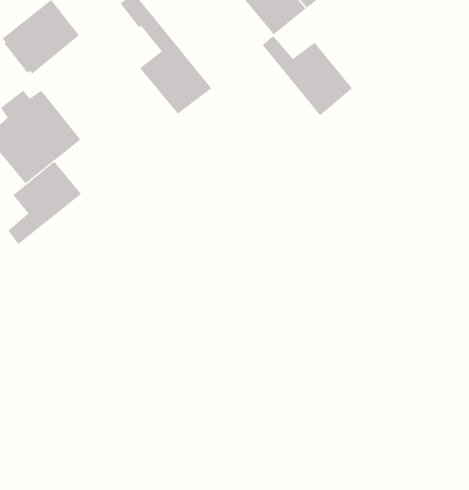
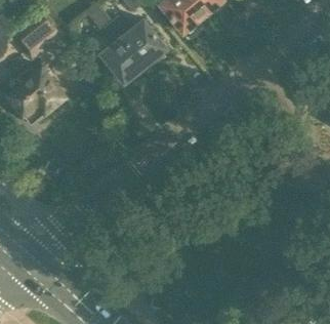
building: [262,35,353,116] -> [110,15,166,66]
building: [8,161,82,245] -> none

